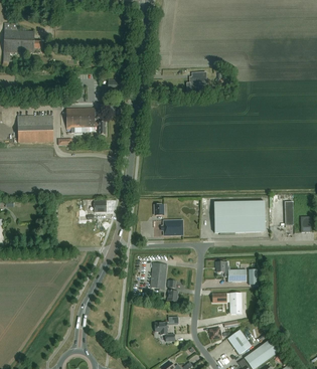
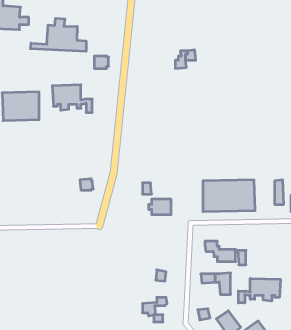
building: none -> [30,18,86,51]
building: [150,262,167,289] -> none
building: none -> [238,278,280,303]

